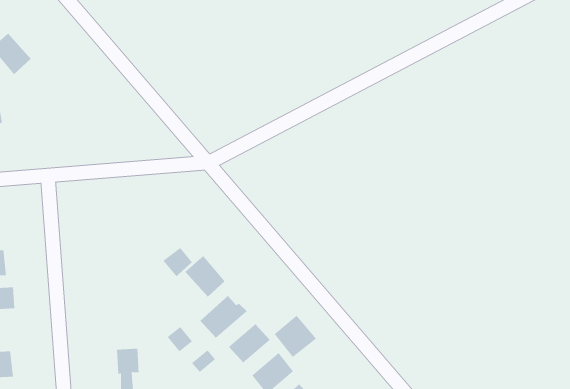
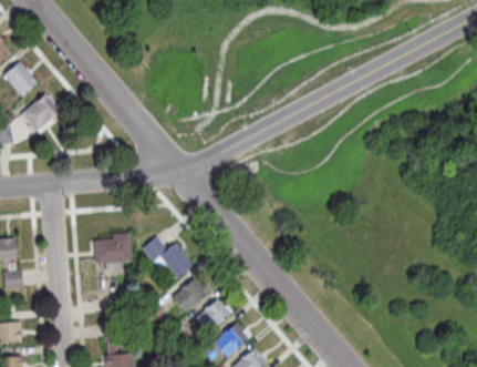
building: none -> [21,95,61,132]
building: none -> [94,234,132,264]
building: [274,315,317,358] -> none

